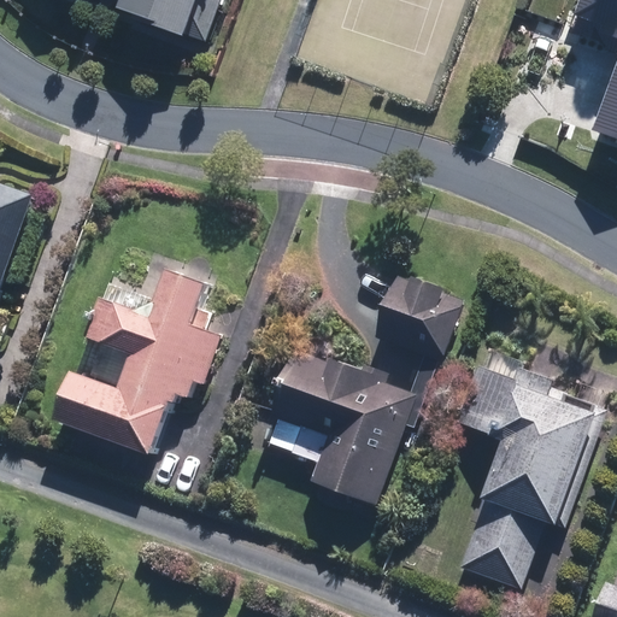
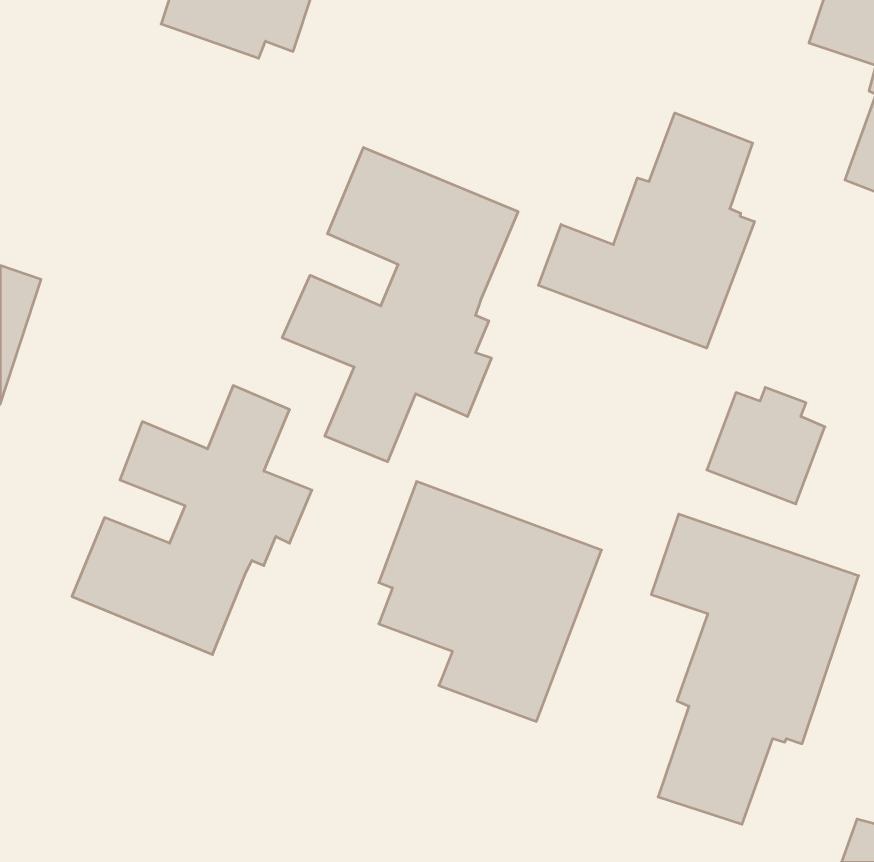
building: none -> [538,113,754,348]
building: none -> [282,147,518,462]
building: [377,271,460,353] -> [707,387,825,504]

